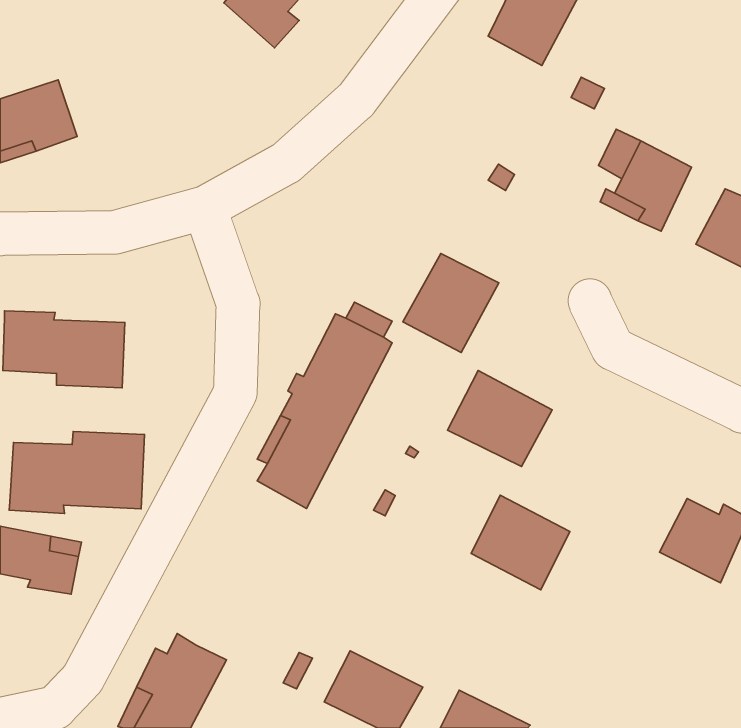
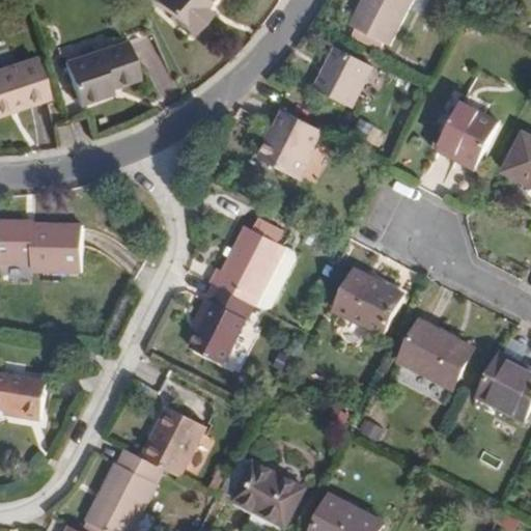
building: none -> [71,35,146,101]
building: none -> [318,49,376,110]
building: [403,254,499,352] -> [263,114,332,185]
building: [9,431,145,513] -> none
building: [471,495,570,590] -> [395,317,466,385]
building: none -> [141,410,206,481]

